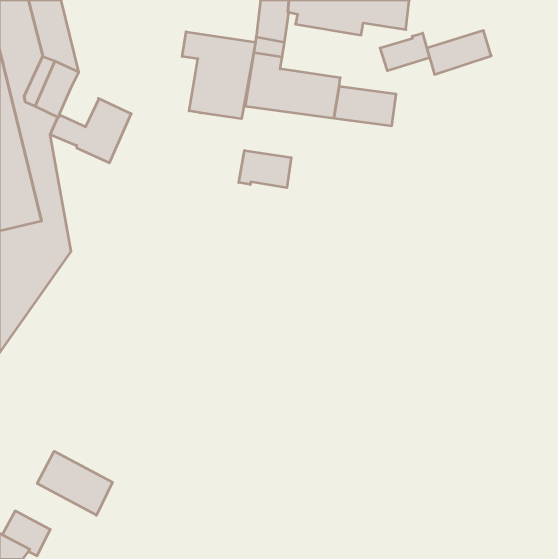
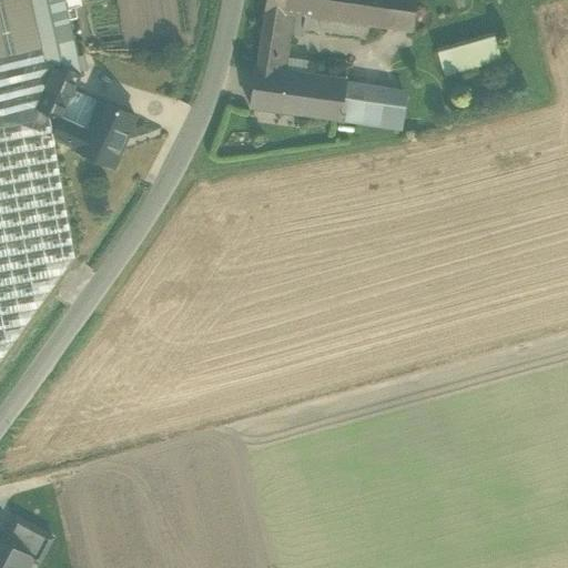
building: [182,32,255,119] -> none
building: [380,33,429,71] -> none
building: none -> [60,89,100,129]
building: [239,150,291,188] -> none
building: [37,451,112,515] -> none

